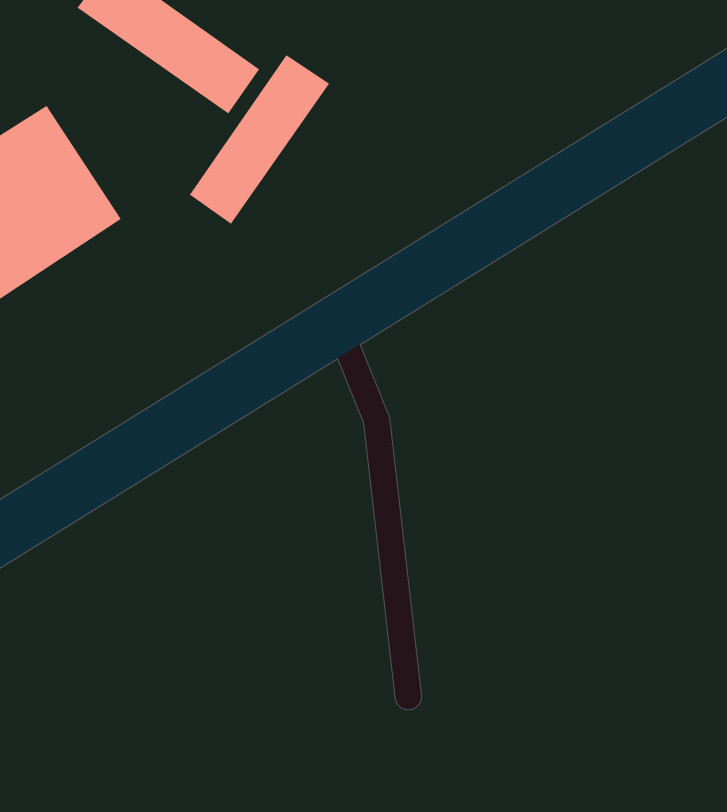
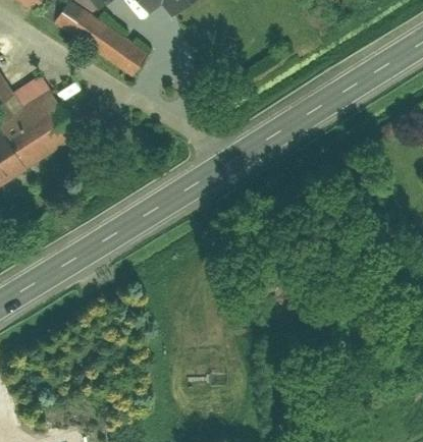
building: [189,54,330,225] -> none

